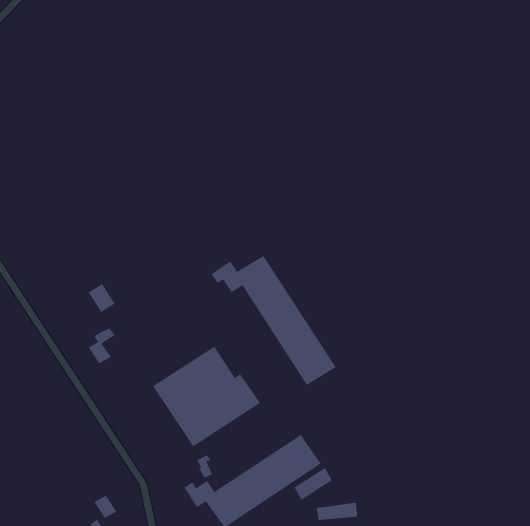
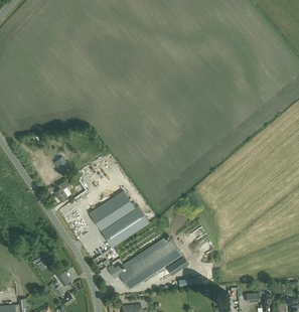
building: [211,255,336,386] -> none

